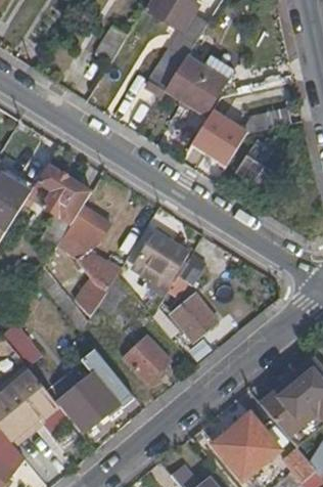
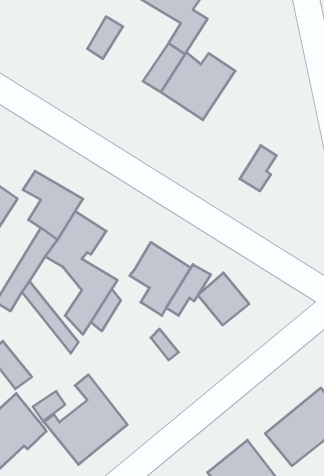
building: [192,105,290,165] -> none
building: [174,297,221,345] -> [198,273,249,325]
building: [125,338,172,386] -> none

